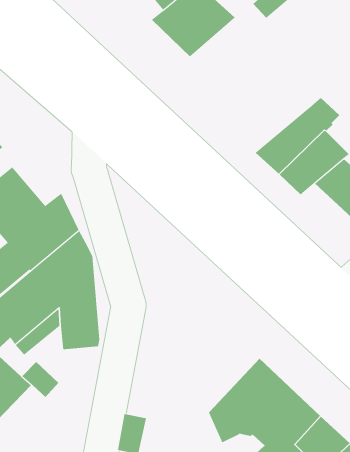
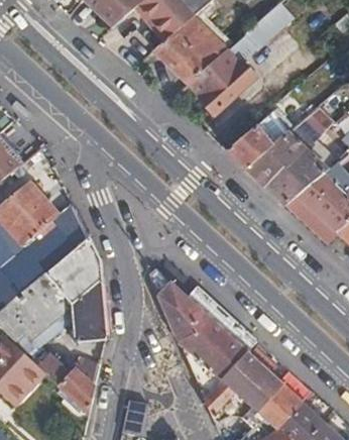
building: none -> [188,48,257,115]
building: none -> [226,108,295,169]
building: none -> [148,266,249,399]
building: none -> [60,359,101,414]

